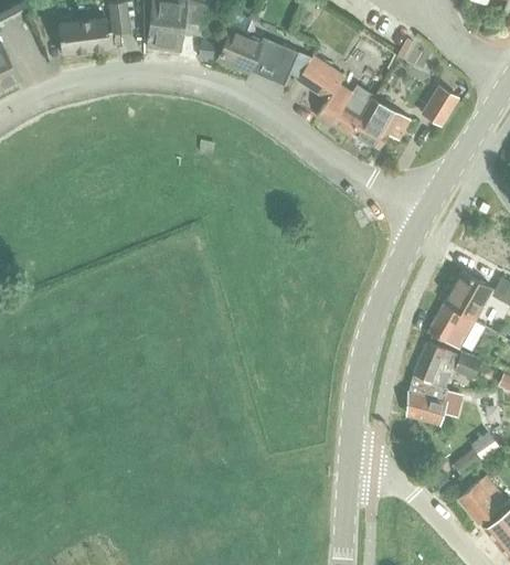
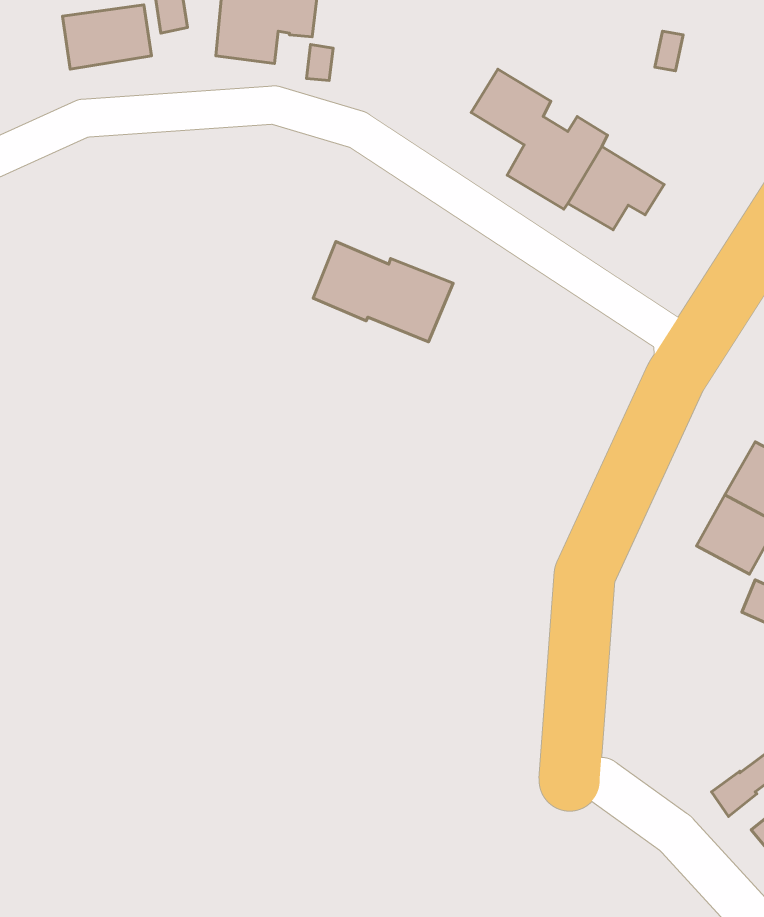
building: [217,28,299,86] -> [313,241,453,342]
building: [421,85,457,125] -> none
building: [407,342,455,423] -> none

